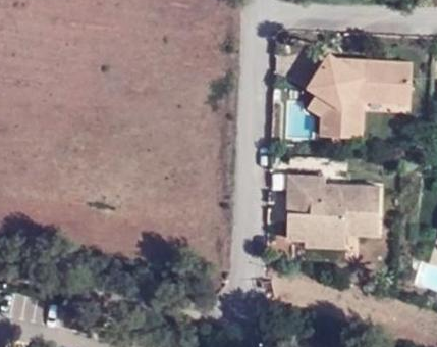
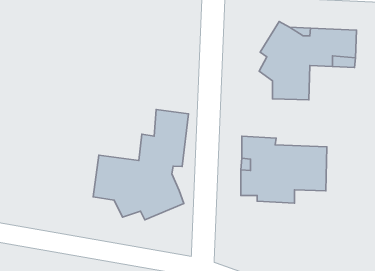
building: none -> [93,110,188,220]

